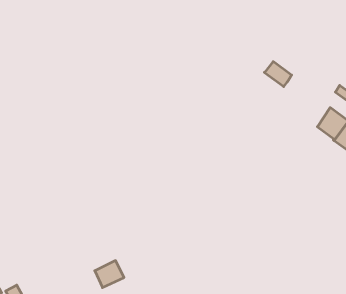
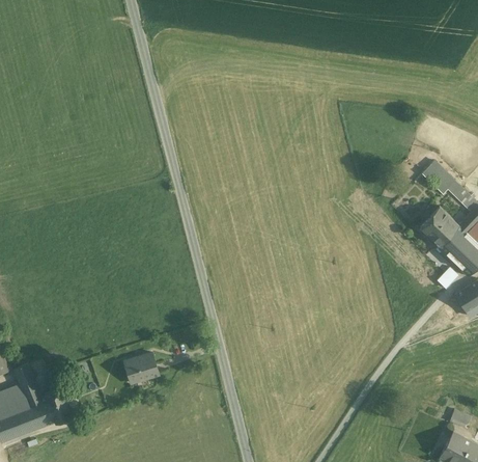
building: [264,62,292,87] -> [420,162,452,194]

